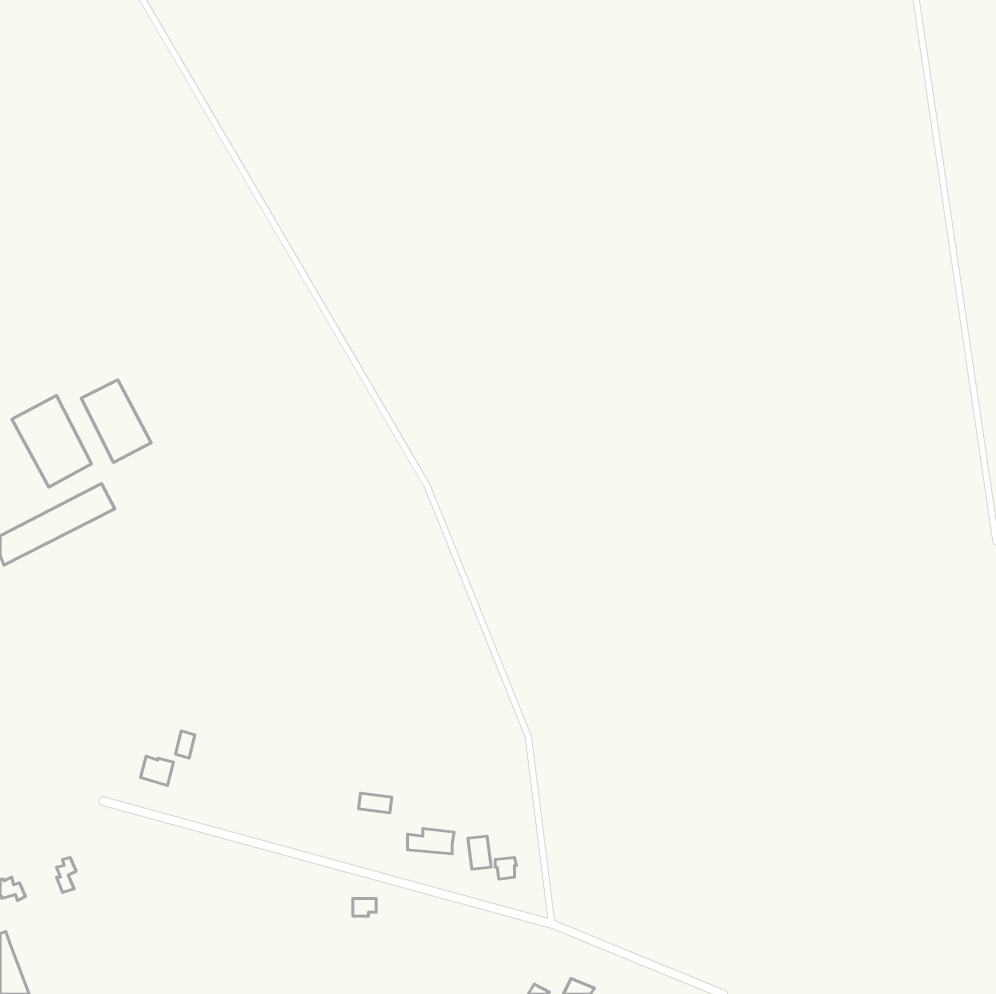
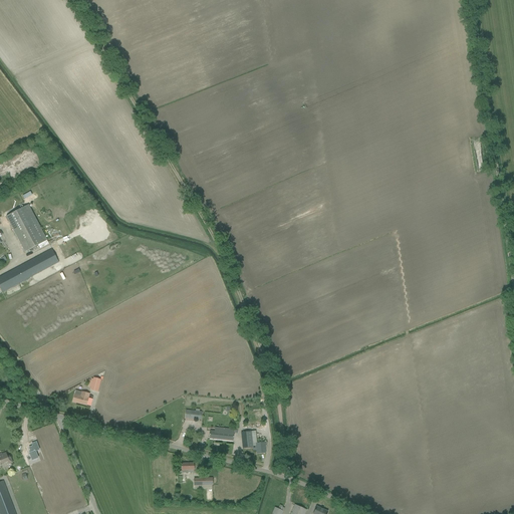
building: [81,380,151,462] -> none

